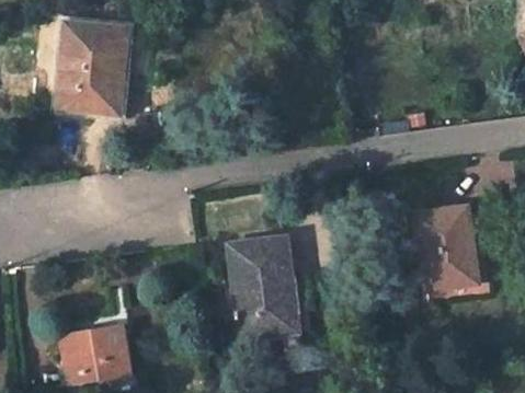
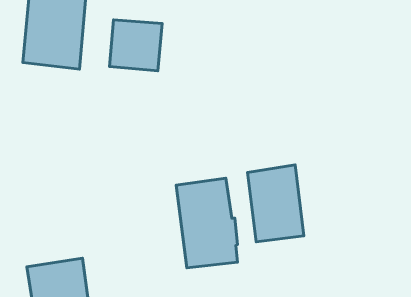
building: none -> [109,20,162,71]
building: [415,205,479,291] -> [247,165,304,242]

